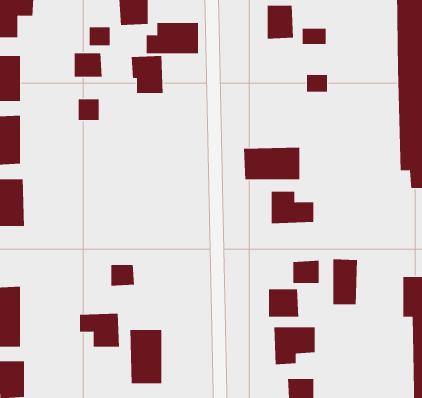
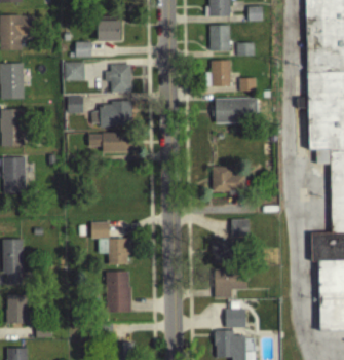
building: [146,23,199,54] -> [92,102,132,125]
building: none -> [206,60,231,86]
building: none -> [88,133,136,153]
building: [243,147,300,180] -> [215,98,258,122]
building: [333,259,357,305] -> none
building: [79,313,120,347] -> [99,239,129,264]

